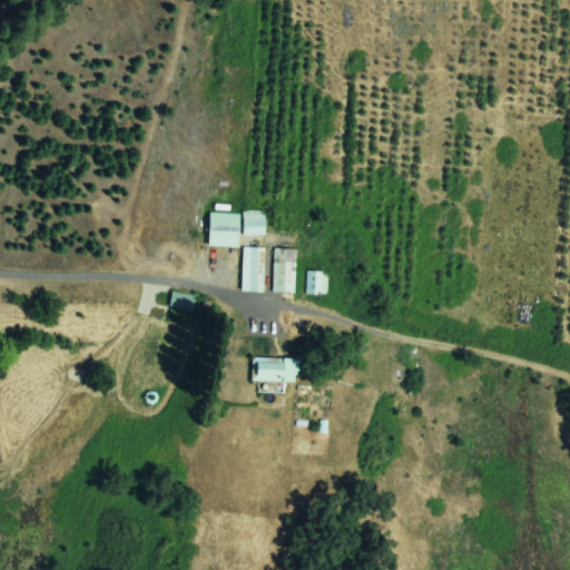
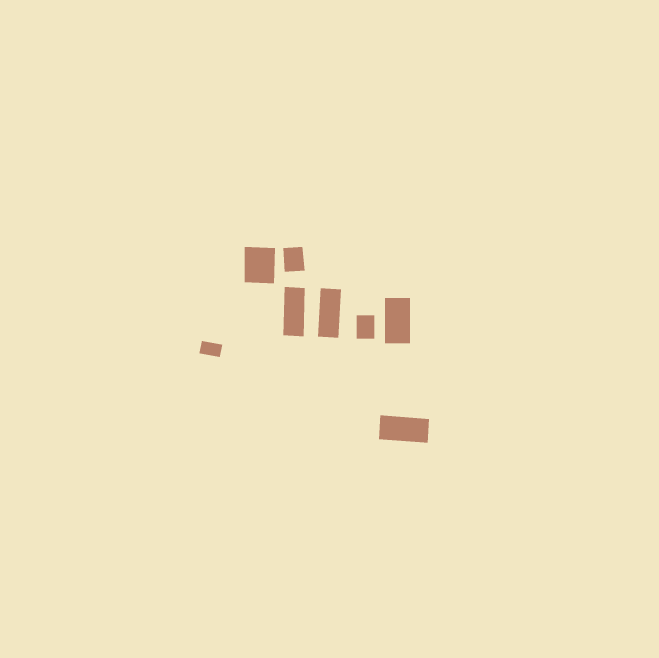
building: none -> [385,297,411,344]
building: [253,357,297,382] -> [378,415,430,443]

